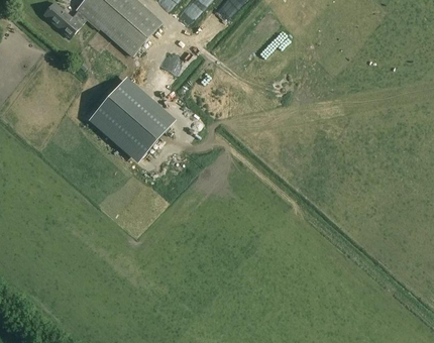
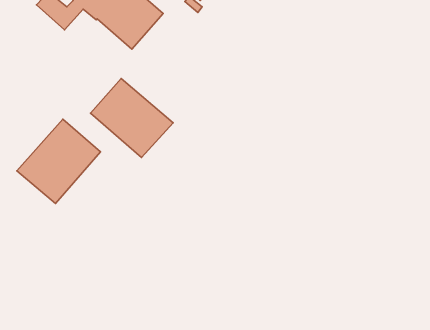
building: none -> [17,119,101,204]

